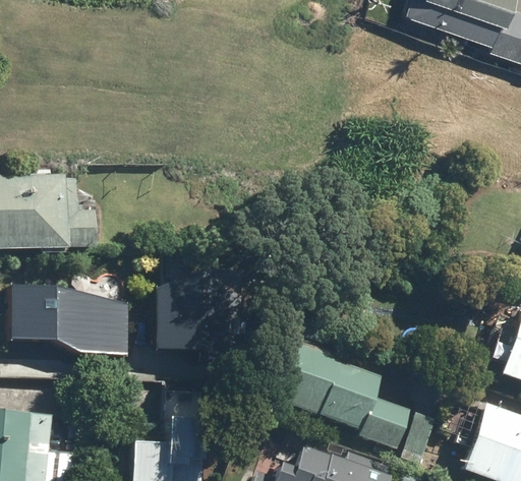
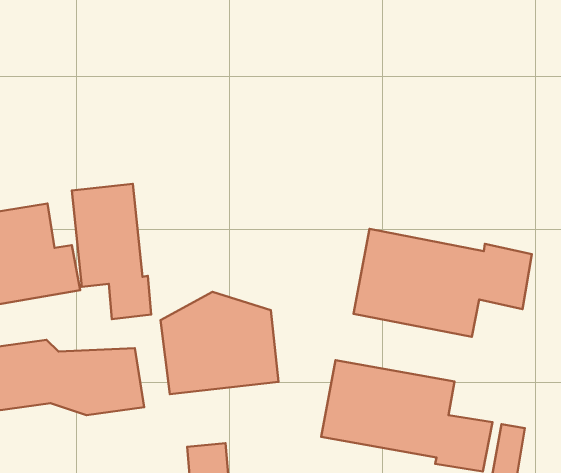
building: none -> [72,184,151,319]
building: none -> [354,229,532,337]

